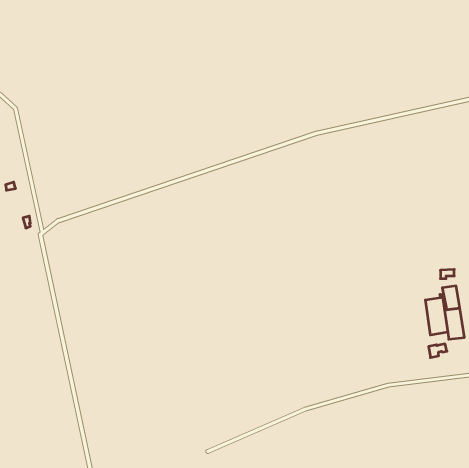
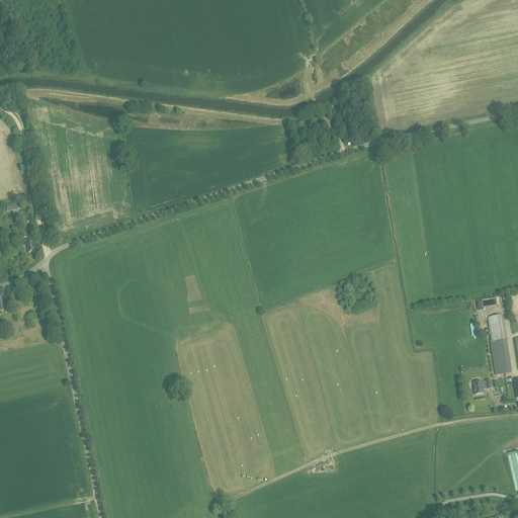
building: [425,294,448,335] -> none

